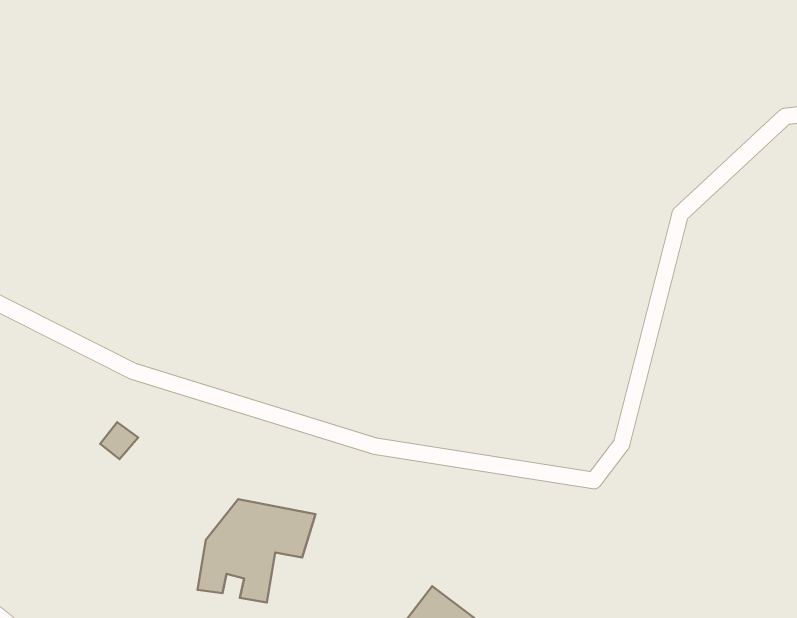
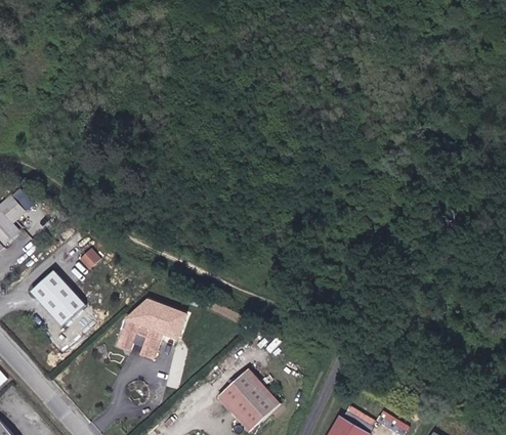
building: none -> [28,270,83,327]

